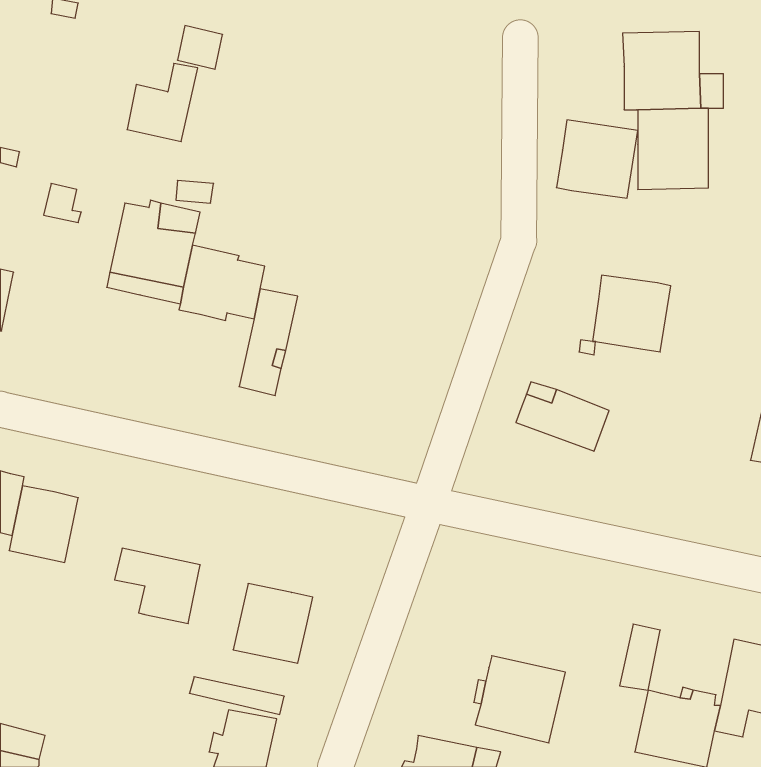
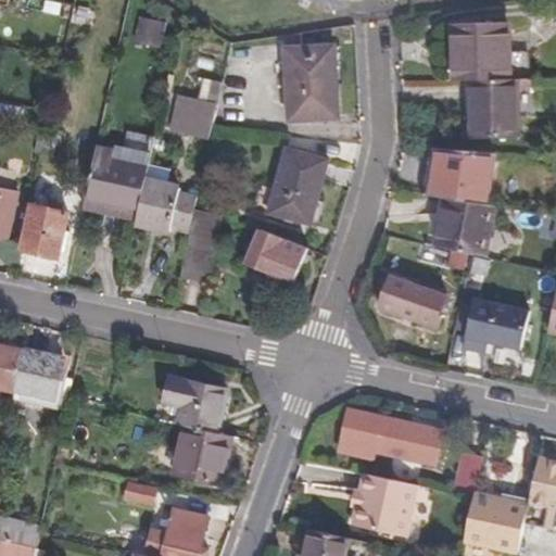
building: none -> [283,43,337,117]
building: [127,63,198,142] -> [169,80,220,137]
building: [556,120,638,198] -> [429,148,488,204]
building: none -> [267,144,327,220]
building: none -> [22,207,67,261]
building: none -> [245,231,305,290]
building: none -> [462,300,526,353]
building: [115,548,200,624] -> [163,374,225,428]
building: none -> [338,407,441,462]

